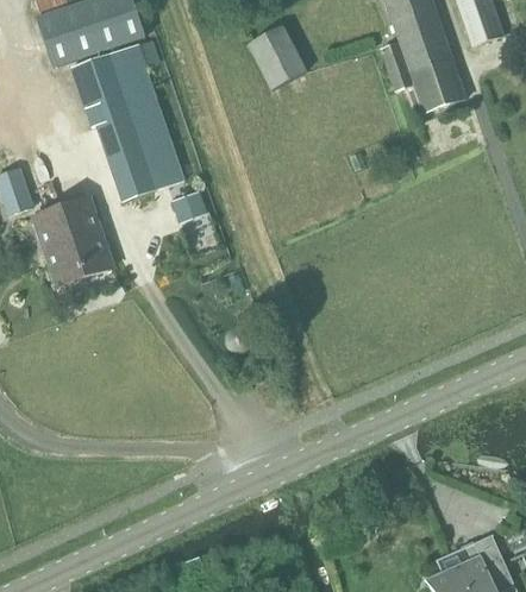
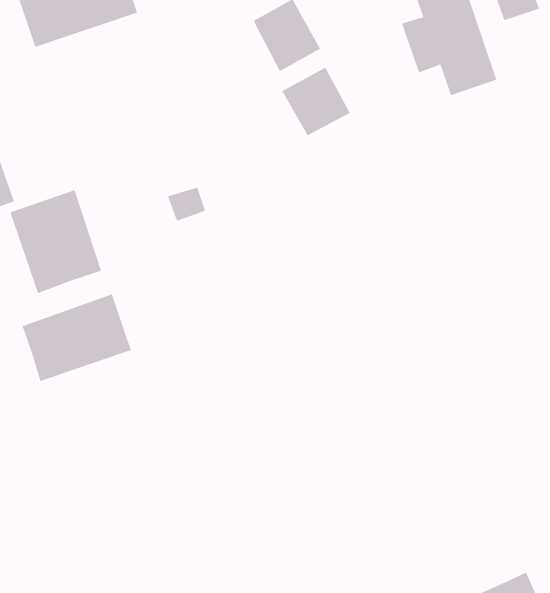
building: [70,43,184,201] -> none
building: none -> [281,67,351,136]
building: none -> [22,294,132,382]

